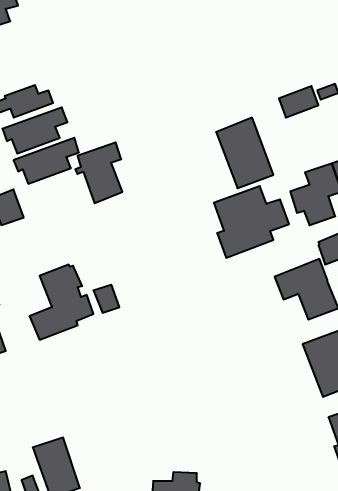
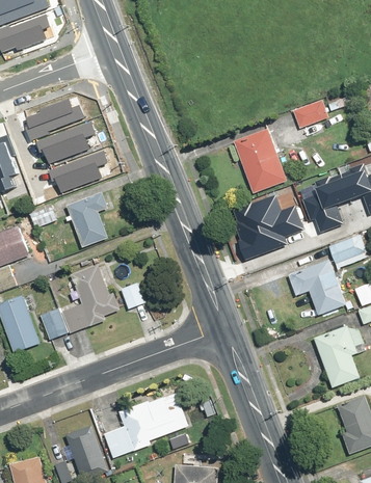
building: [75,142,122,203] -> [65,193,109,249]
building: none -> [41,308,69,342]
building: none -> [105,392,190,459]

